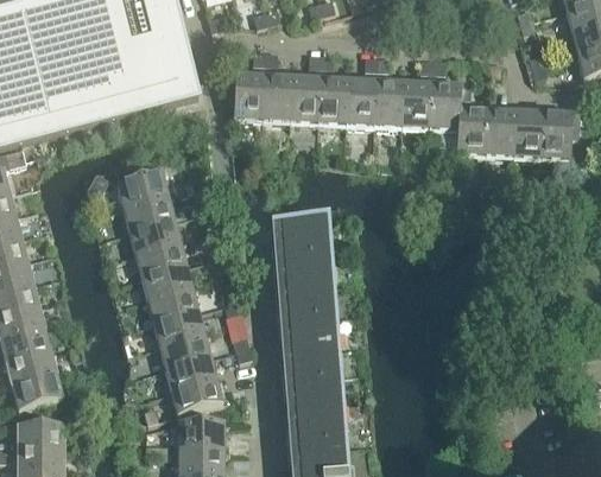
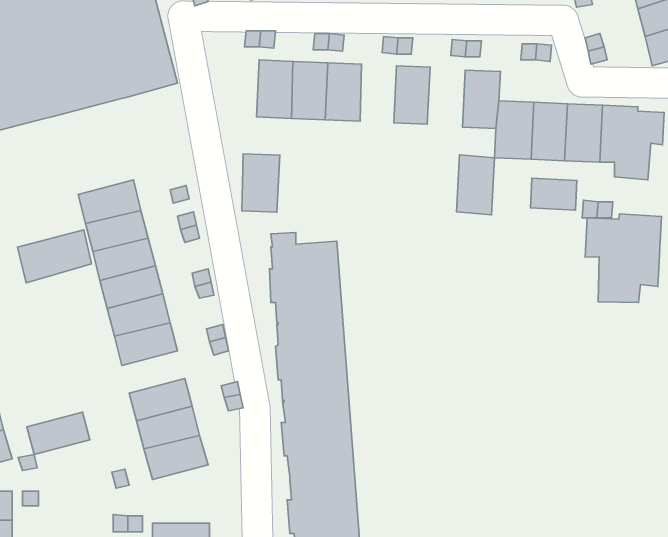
building: [233,71,264,119] -> [242,154,280,212]
building: [346,76,375,123] -> none
building: [400,78,431,127] -> [457,155,495,215]
building: none -> [530,178,577,210]
building: none -> [585,214,661,302]
building: none -> [18,230,91,283]
building: [152,309,203,343] -> [27,412,90,455]
building: [177,420,223,449] -> none

